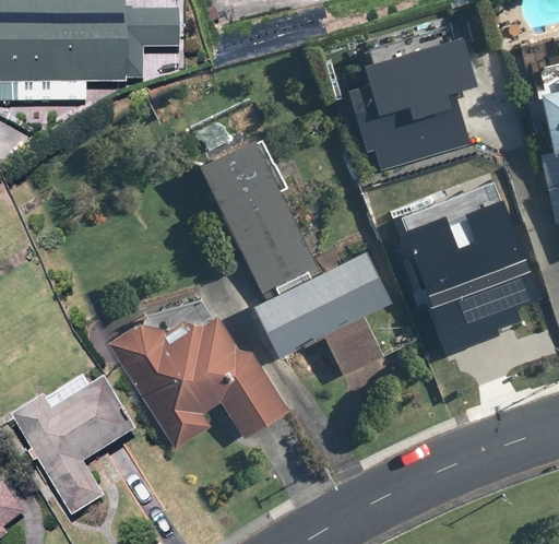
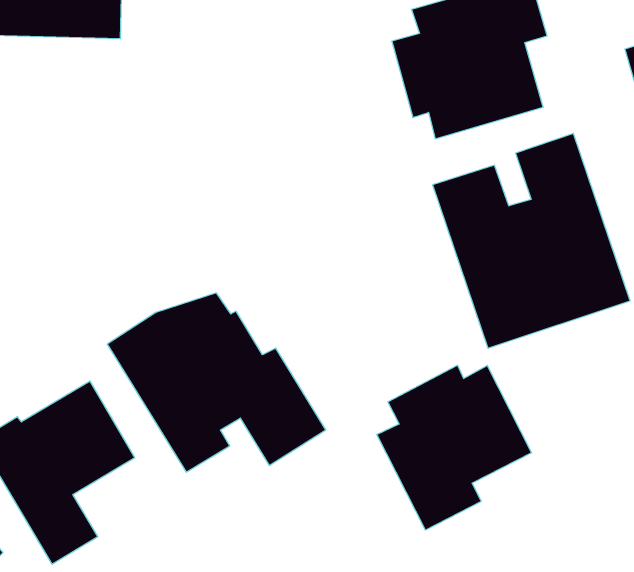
building: [200,138,392,374] -> none
building: none -> [377,365,531,530]

